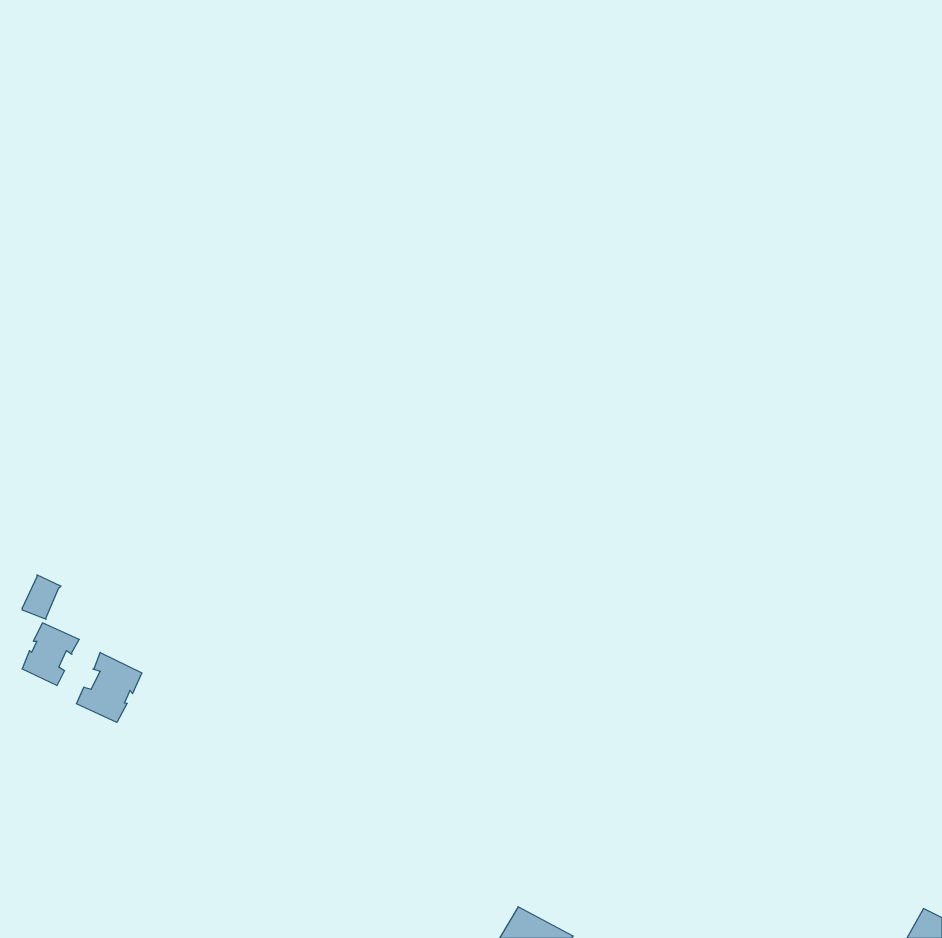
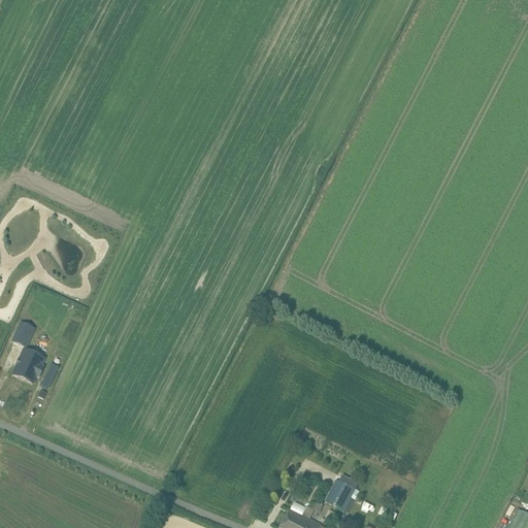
building: [77,652,142,722] -> none
building: none -> [325,478,357,510]

